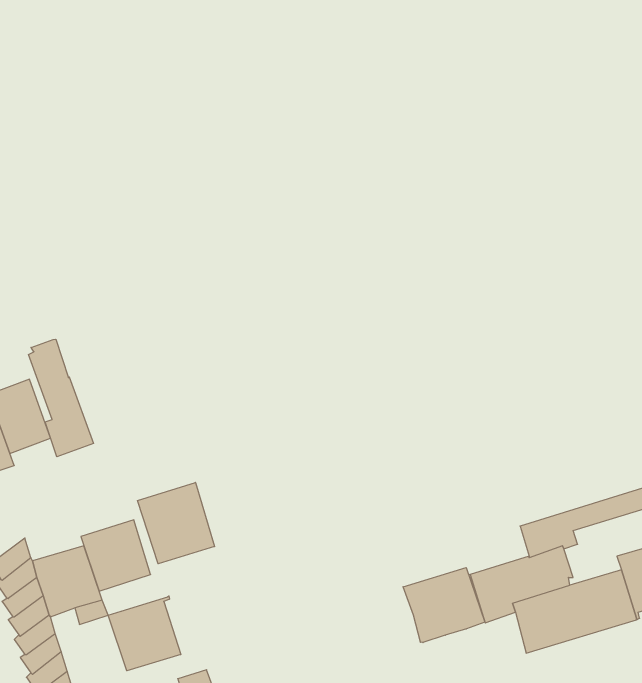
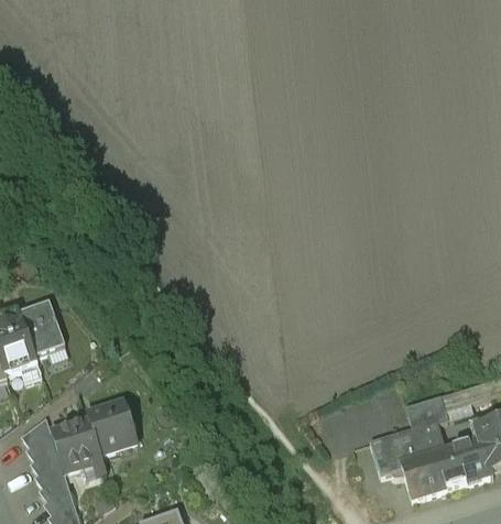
building: [29,339,94,457] -> none
building: [138,482,215,564] -> none
building: [403,568,485,643] -> none
building: [108,596,181,671] -> none

